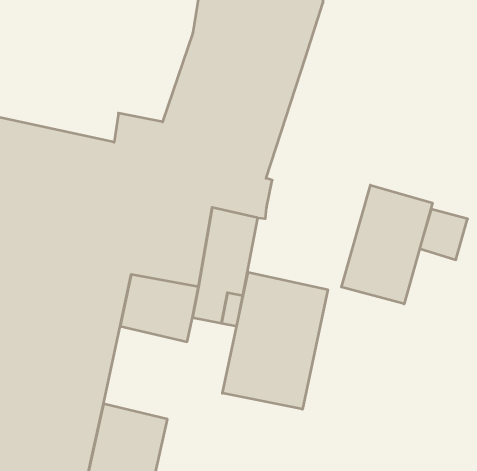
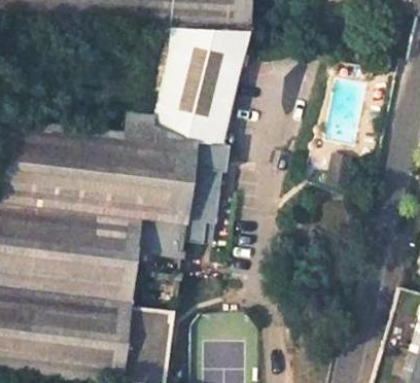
building: [341,185,432,304] -> none
building: [222,272,328,409] -> none

